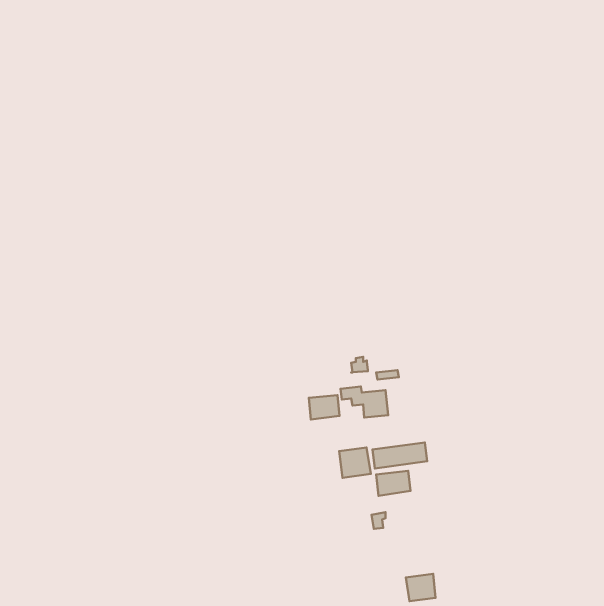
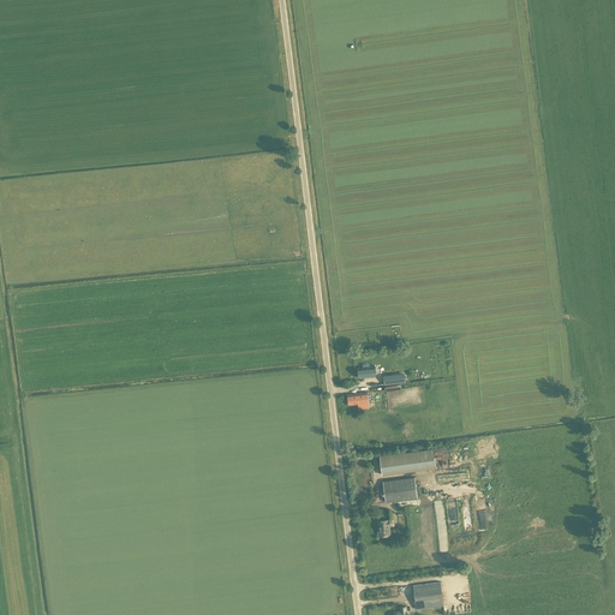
building: [309,395,339,419] -> none
building: [339,448,371,478] -> none

